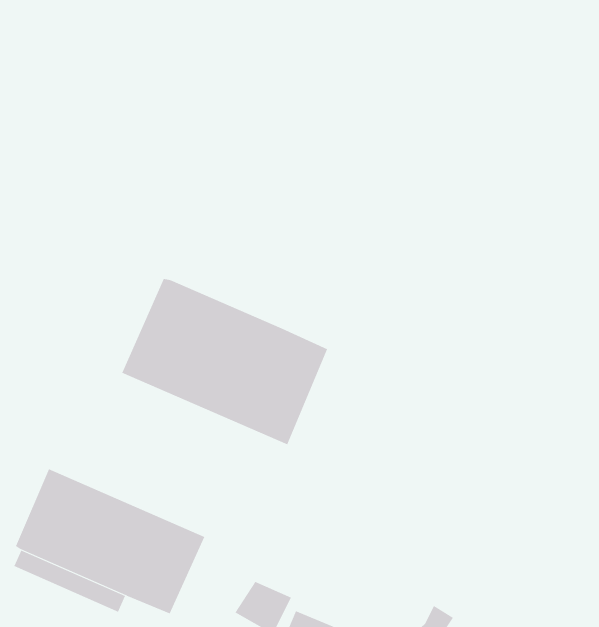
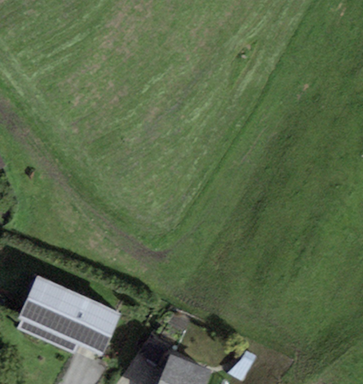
building: [122,278,328,445] -> none

